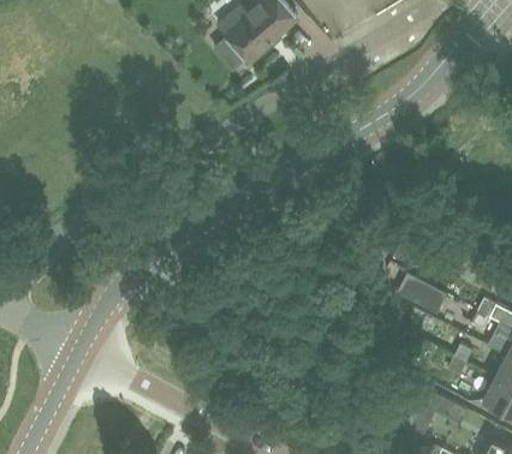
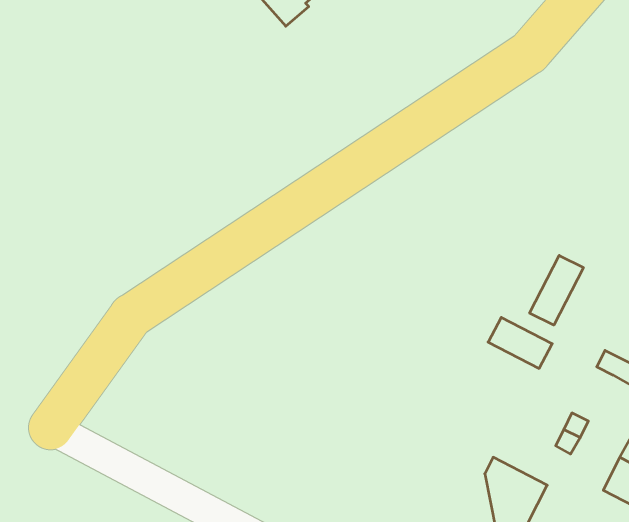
building: none -> [530,255,583,325]

